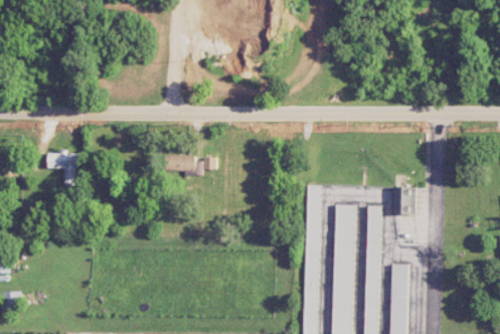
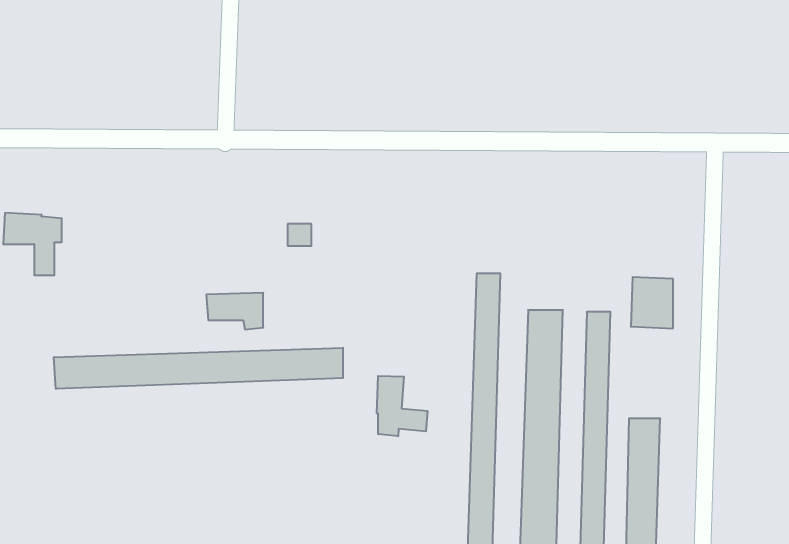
building: [165,155,196,175] -> [206,293,263,329]
building: none -> [54,348,343,389]
building: none -> [377,376,427,436]

